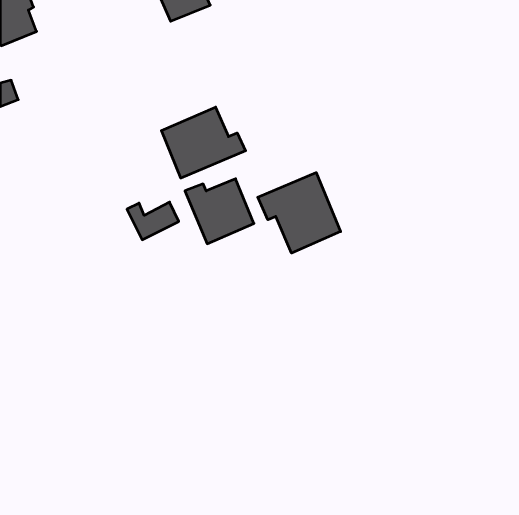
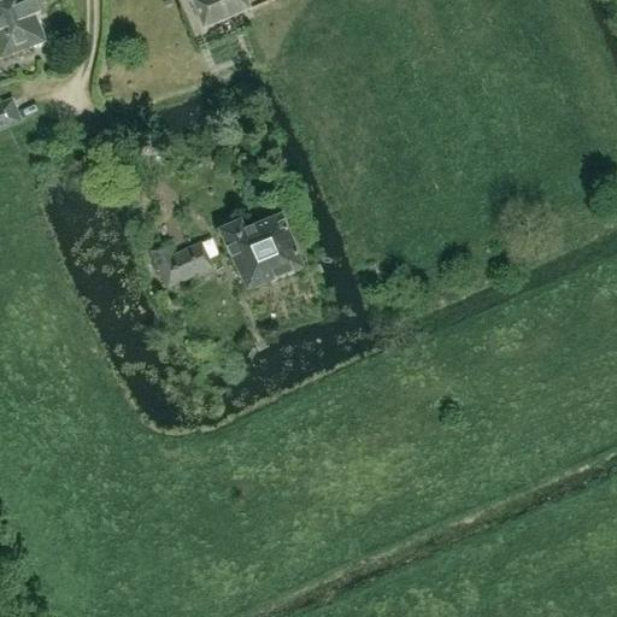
building: [161,107,246,178] -> none
building: [258,173,341,253] -> none

